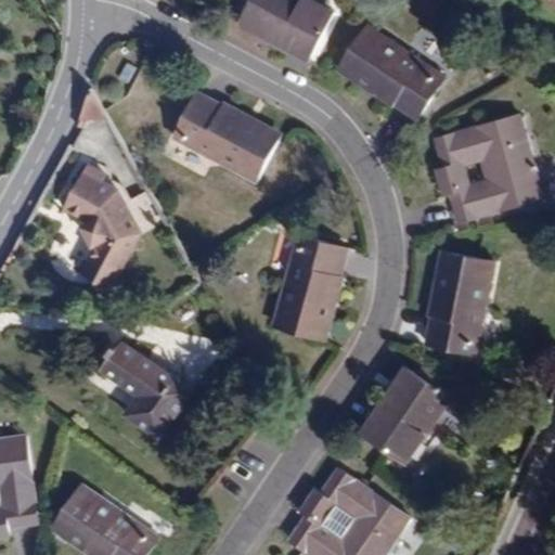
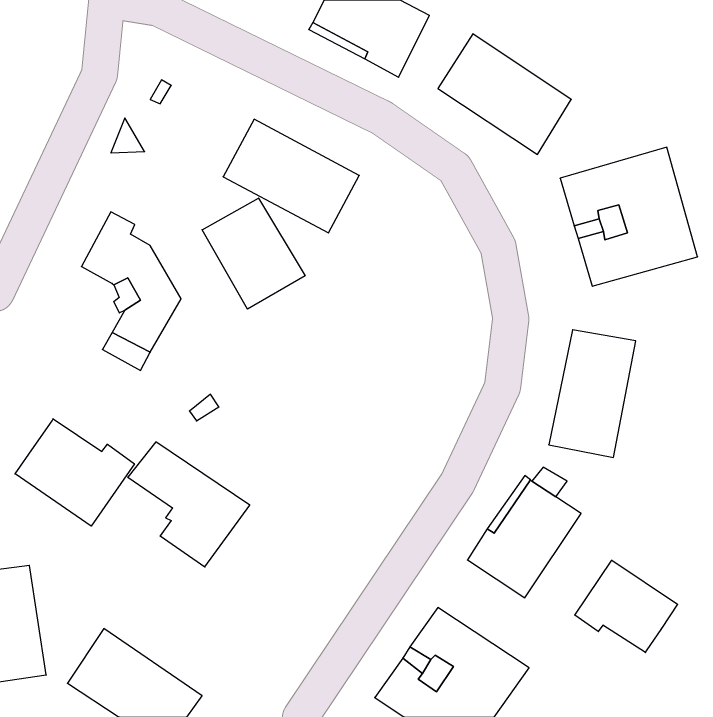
building: none -> [202,198,305,309]
building: [272,235,345,336] -> none
building: none -> [15,419,134,526]
building: none -> [575,560,678,653]

